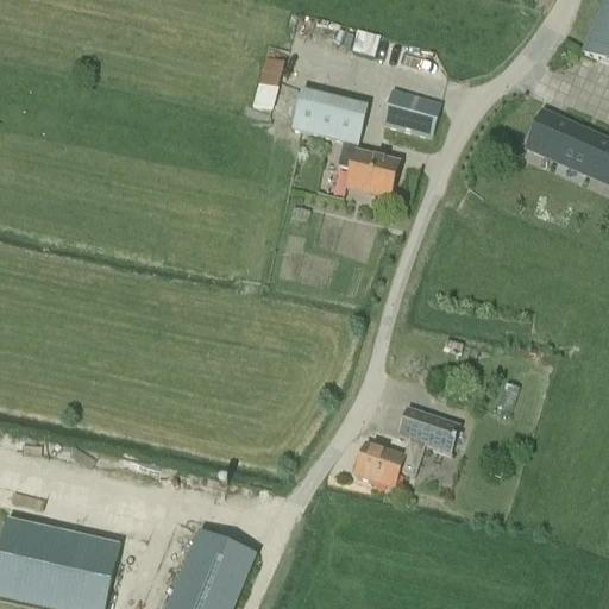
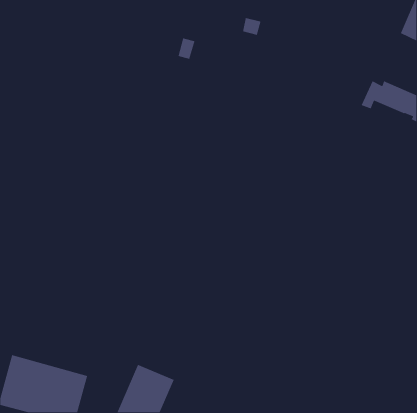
building: [291,88,400,196] -> none
building: [382,88,441,134] -> none
building: [353,407,460,486] -> none

